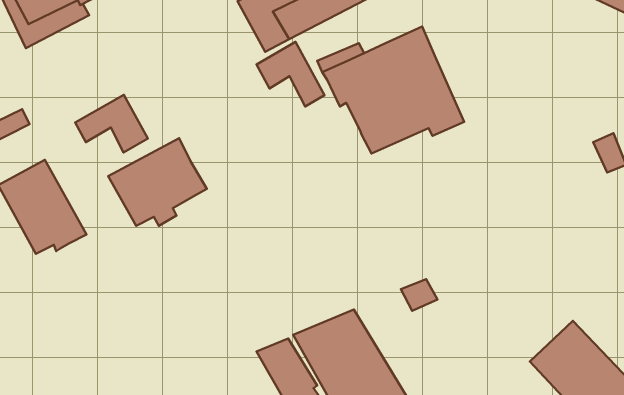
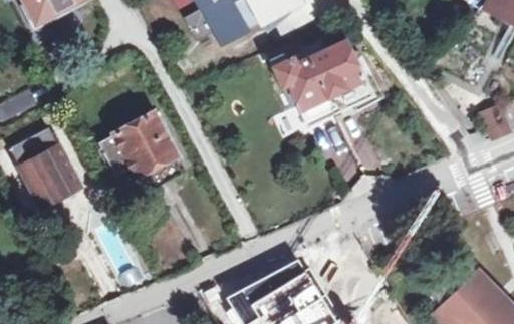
building: [257,42,325,106] -> none
building: [75,95,148,152] -> none

